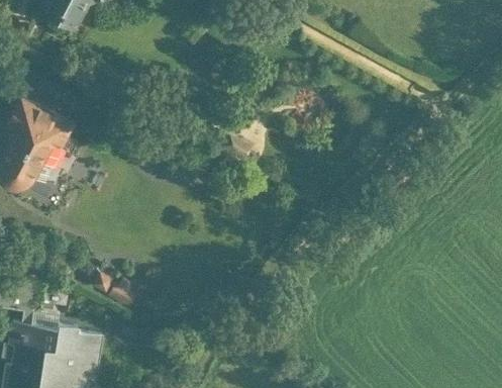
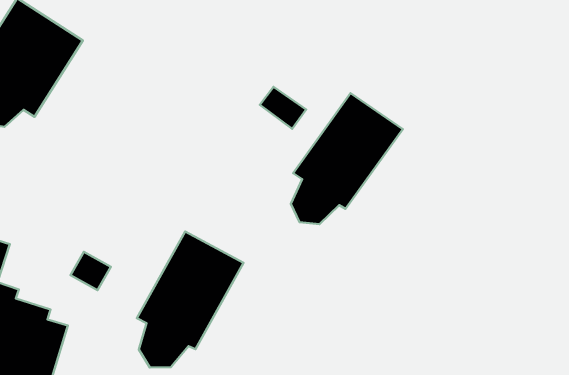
building: none -> [291,93,403,224]
building: none -> [137,232,244,367]

